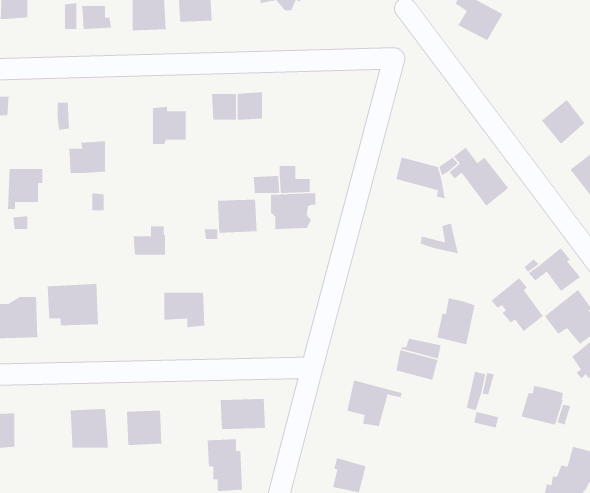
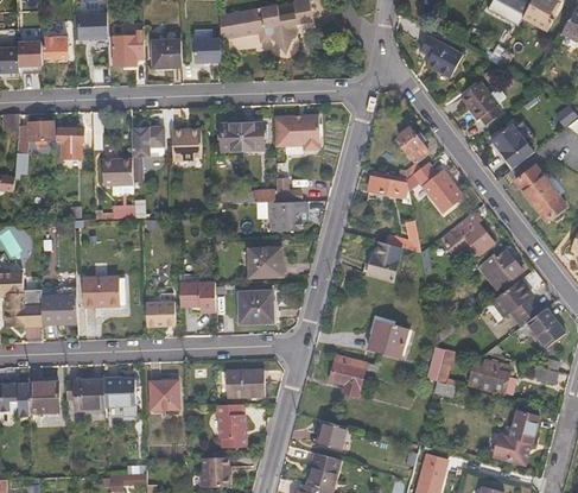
building: none -> [461,83,507,132]
building: none -> [273,116,318,151]
building: none -> [131,126,163,154]
building: none -> [399,128,430,163]
building: [7,168,43,210] -> [53,128,83,163]
building: [217,199,257,233] -> [249,247,282,276]
building: [133,225,166,256] -> [145,295,172,320]
building: [490,277,544,332] -> [451,213,495,258]
building: [437,298,475,345] -> [369,241,401,280]
building: none -> [239,290,271,323]
building: none -> [65,380,103,409]

